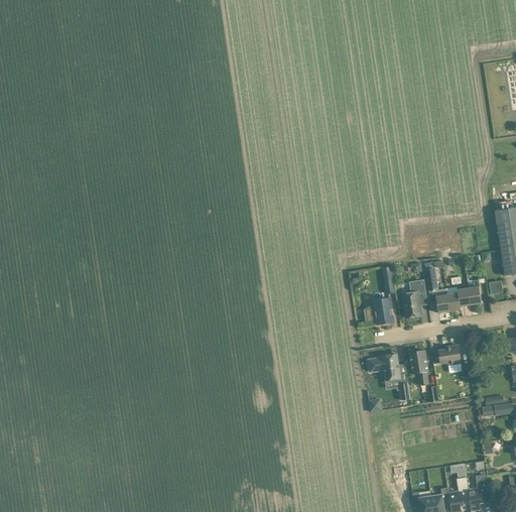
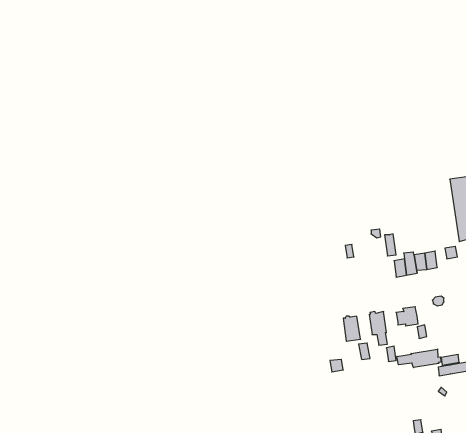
building: [403,279,428,318] -> none
building: [374,298,394,325] -> none
building: none -> [397,349,441,368]

